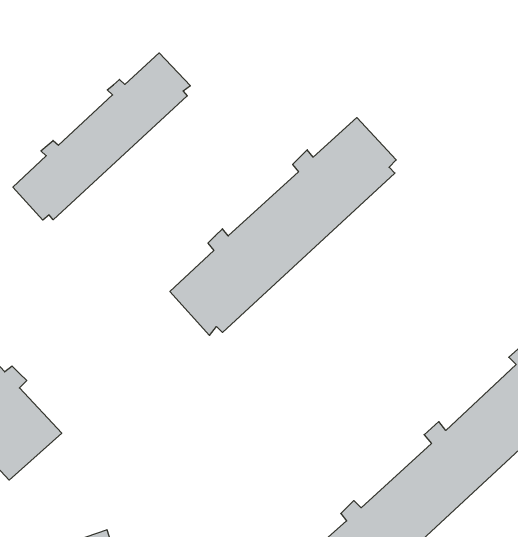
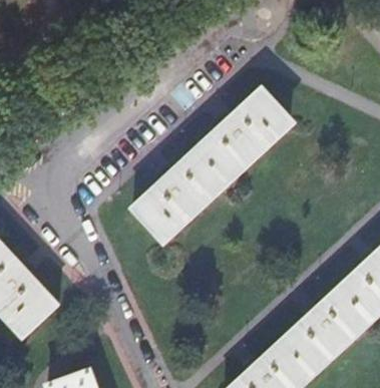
building: [13,53,190,220] -> none

